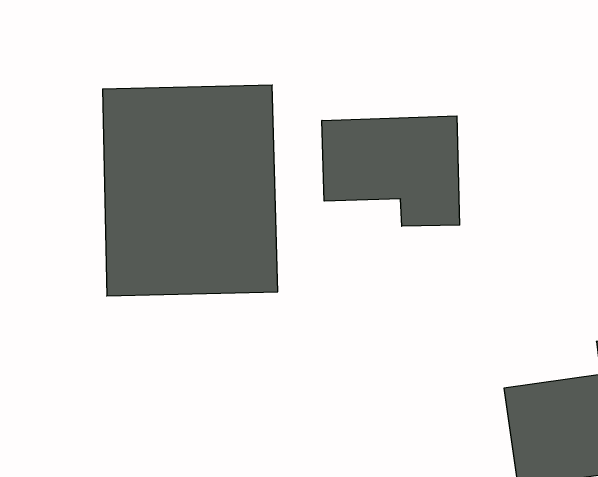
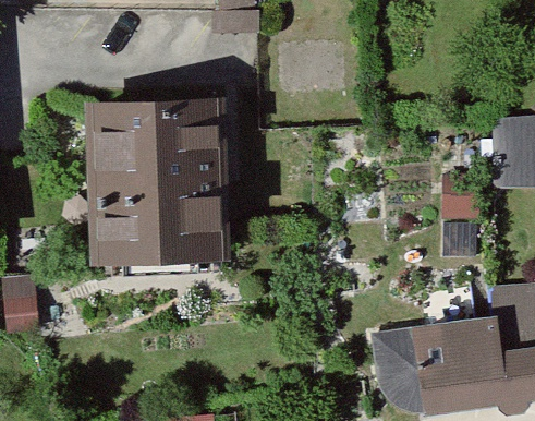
building: [322,116,460,226] -> none

